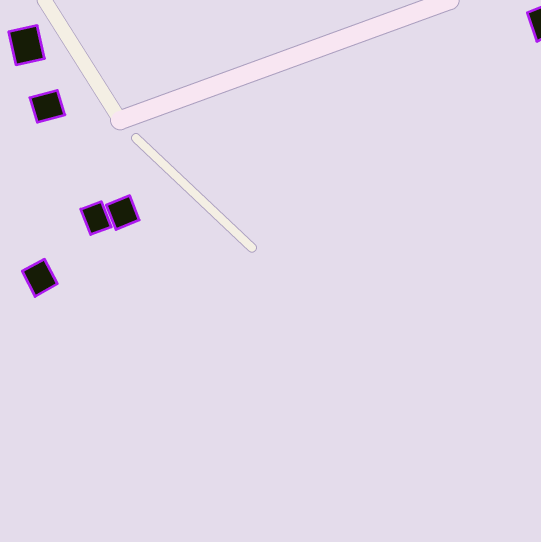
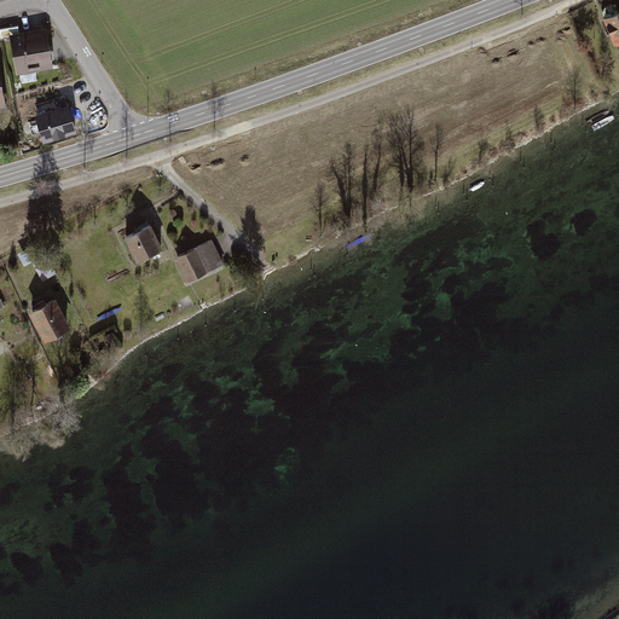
building: [81,202,111,235] -> none
building: none -> [177,241,227,288]

